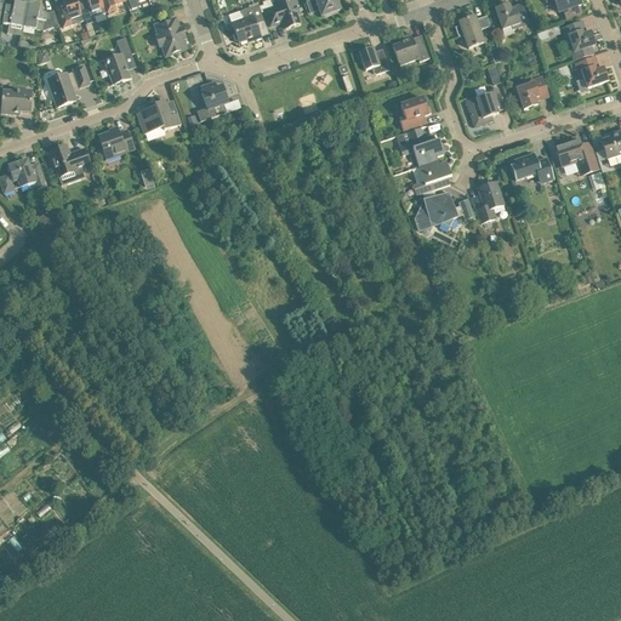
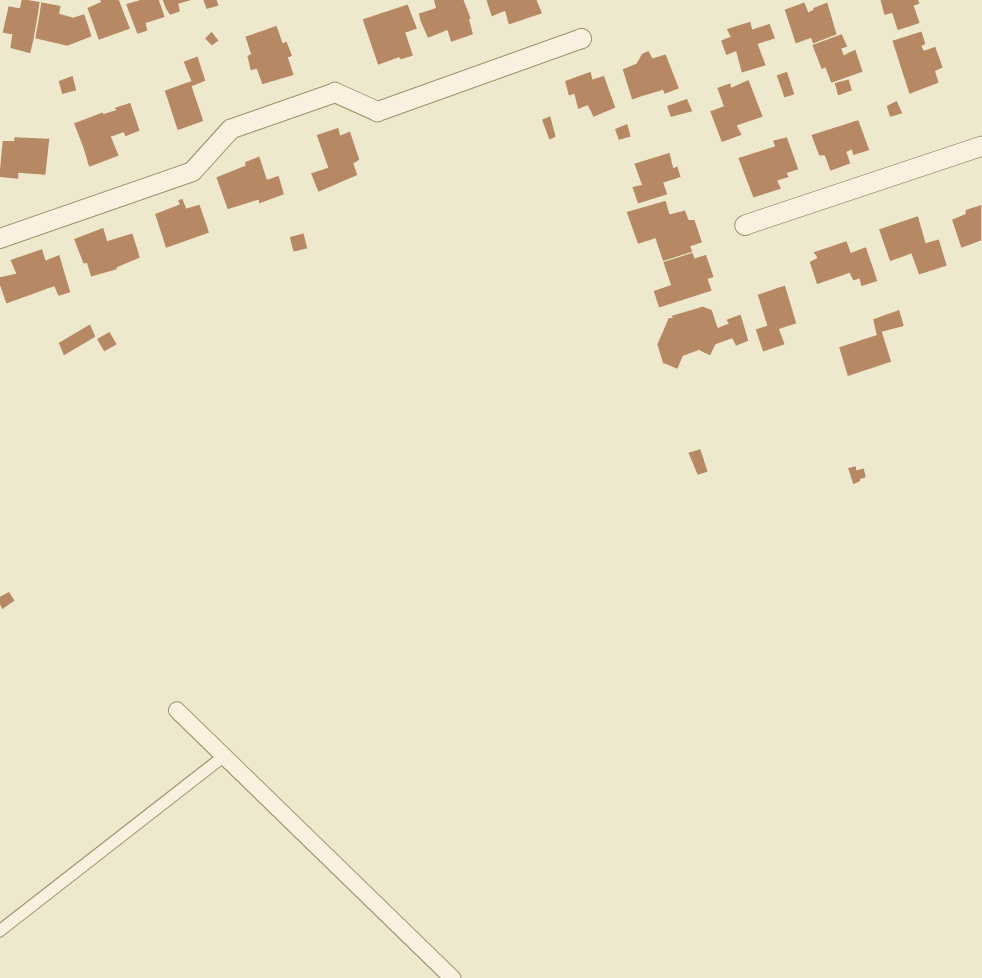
building: none -> [709,79,763,143]
building: [574,55,606,86] -> [811,33,863,83]
building: none -> [838,309,904,377]

